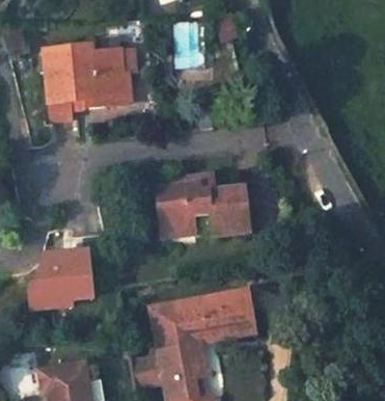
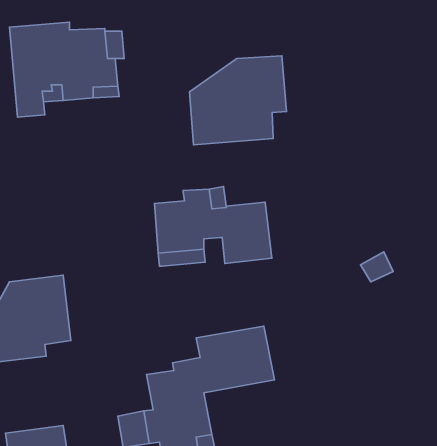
building: none -> [189,56,286,145]
building: [149,295,195,324] -> none

